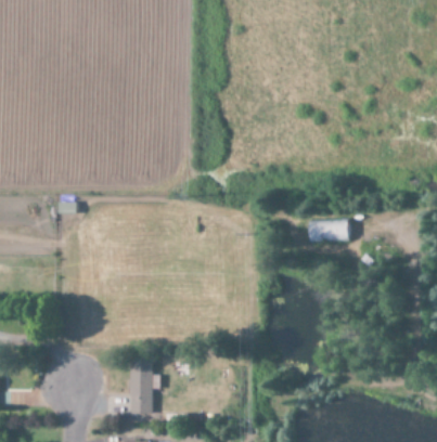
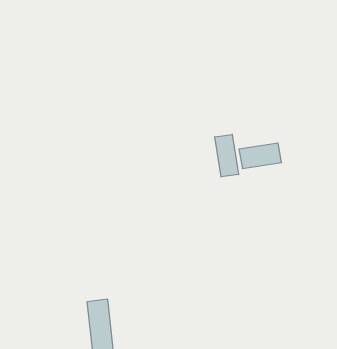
building: none -> [215,134,239,177]

